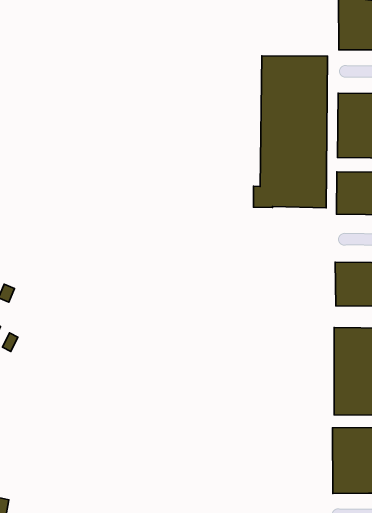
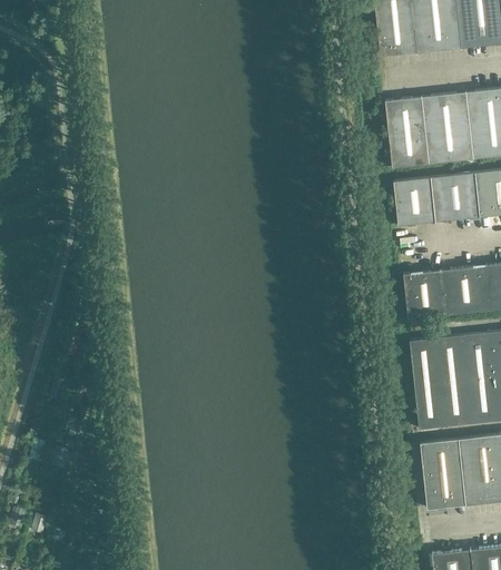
building: [253,56,327,208] -> none

